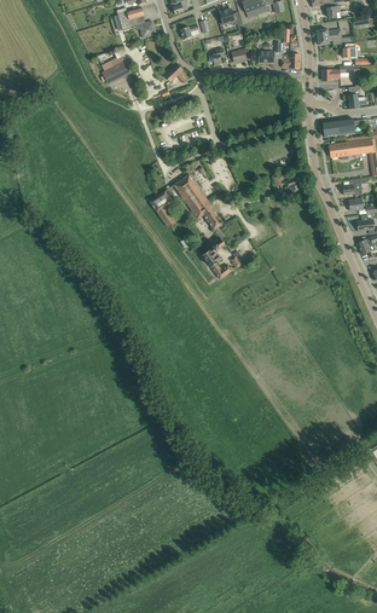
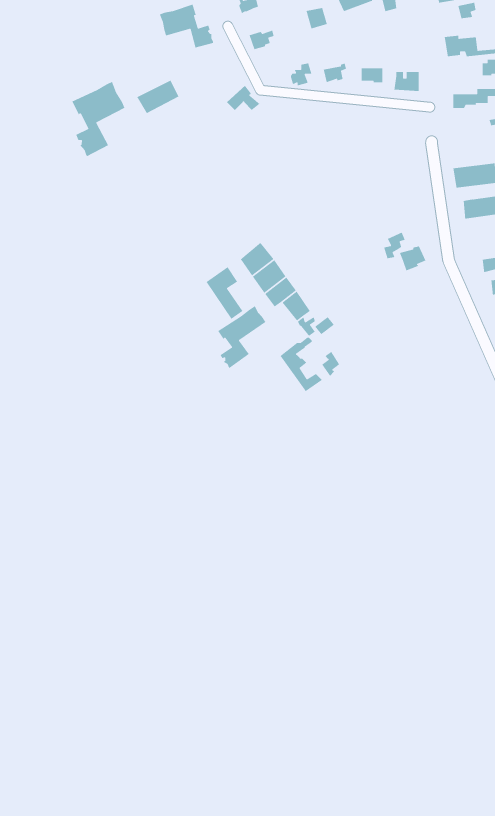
building: none -> [71,81,126,157]
building: none -> [217,305,266,369]

